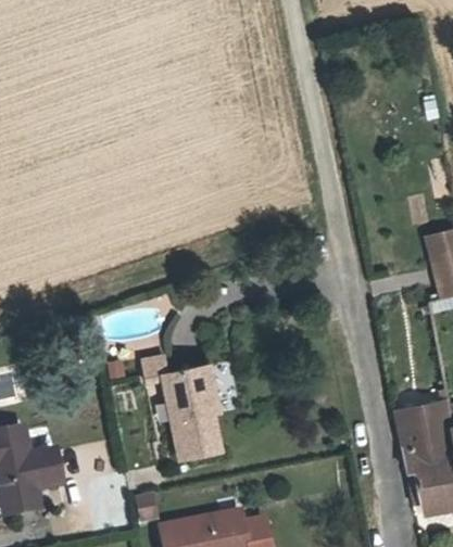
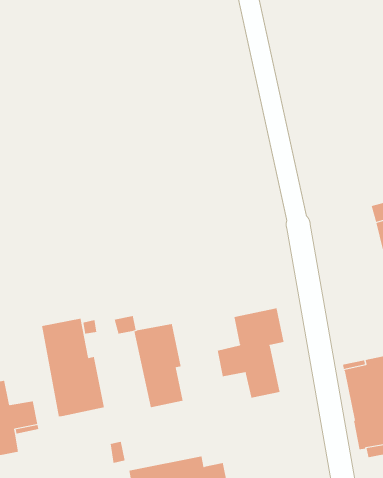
building: none -> [217,308,284,399]
building: none -> [42,318,104,417]

